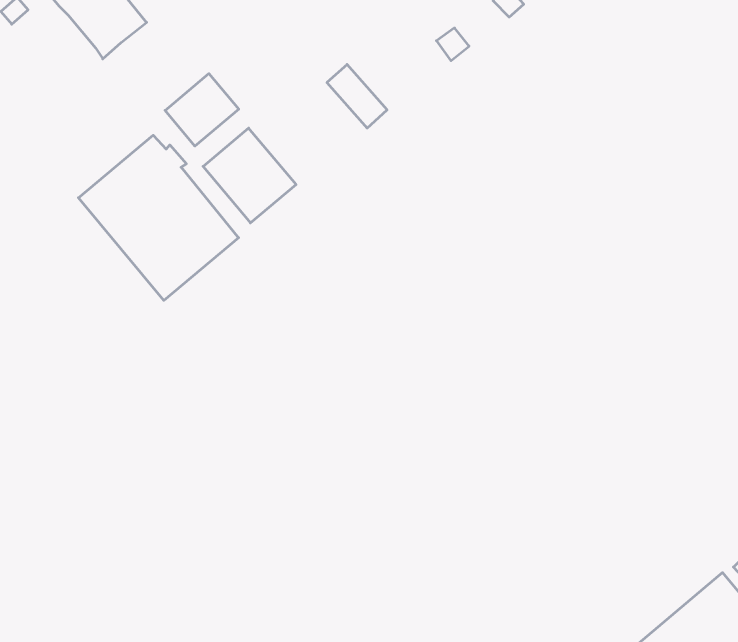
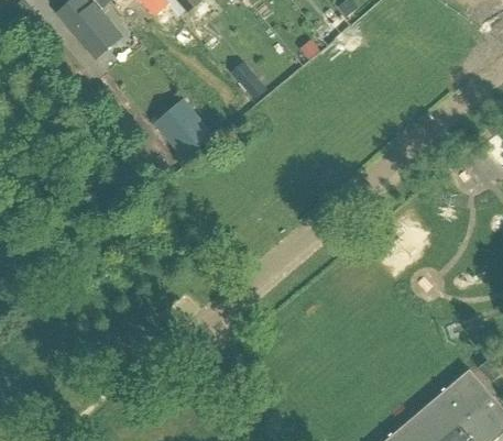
building: [165,74,239,146] -> none
building: [78,135,239,300] -> none

